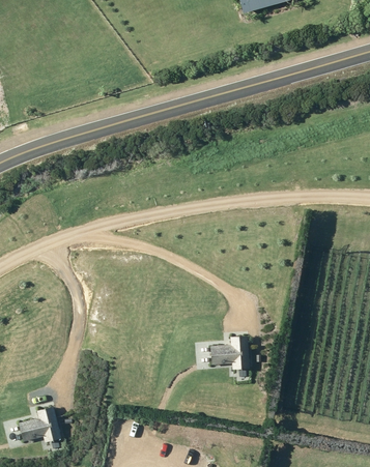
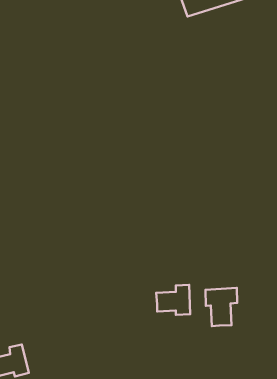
building: none -> [205,288,237,326]

